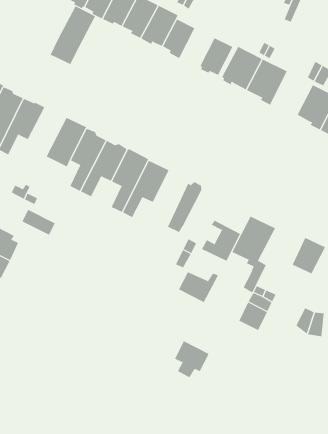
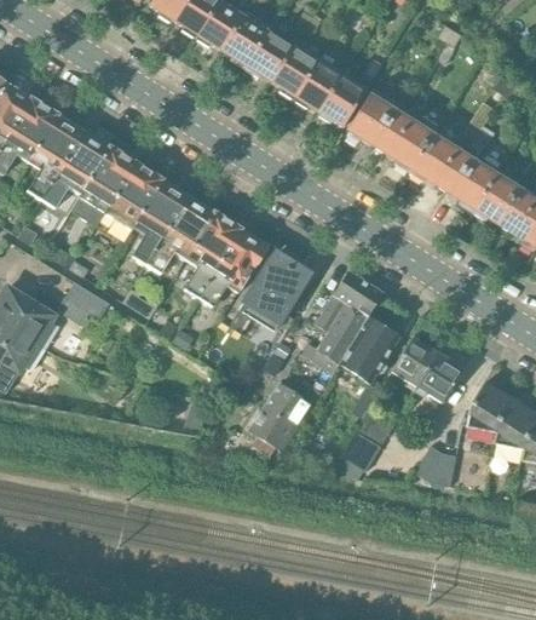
building: [50,5,96,65] -> [71,147,137,225]
building: none -> [294,61,342,111]
building: none -> [409,128,467,188]
building: none -> [229,252,290,334]
building: none -> [321,270,384,339]
building: none -> [392,335,439,386]
building: [174,341,209,378] -> [250,406,298,457]

